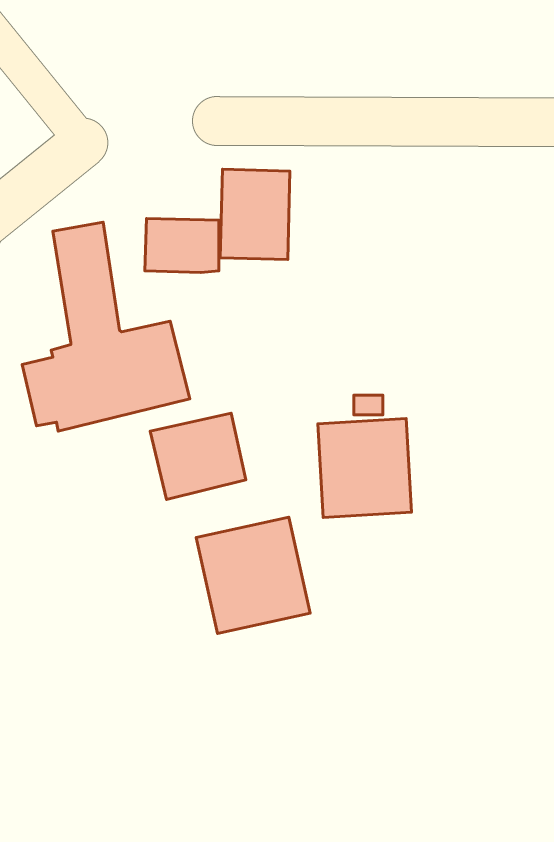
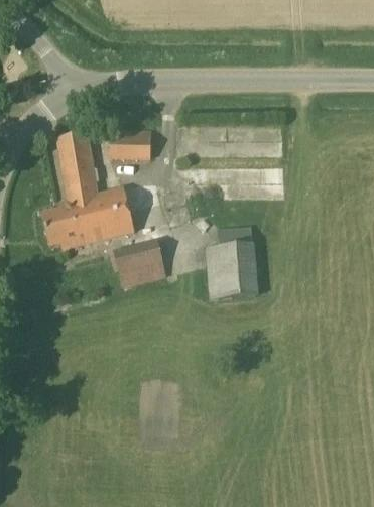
building: [220,169,290,260] -> none
building: [196,517,310,633] -> none

